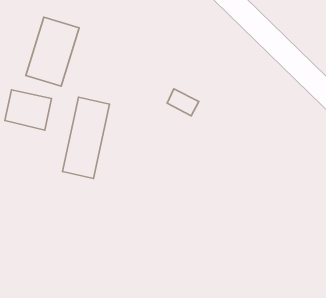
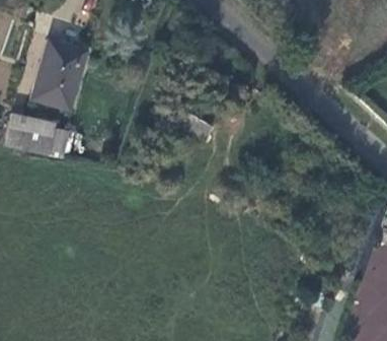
building: [63,97,109,179] -> none

